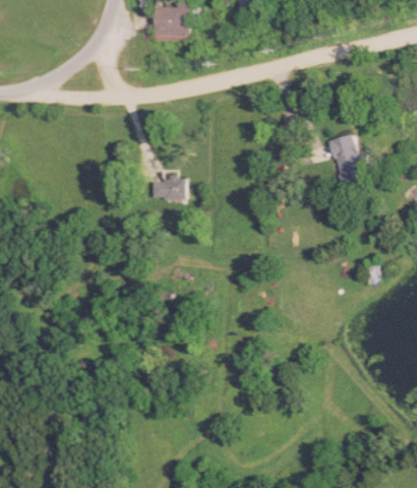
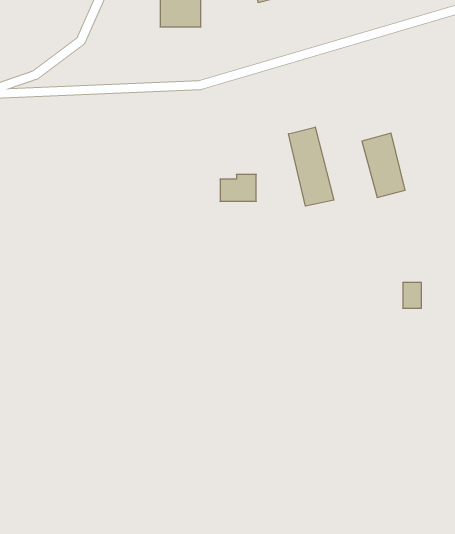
building: none -> [289,127,334,206]
building: [152,177,183,200] -> [220,174,256,201]

